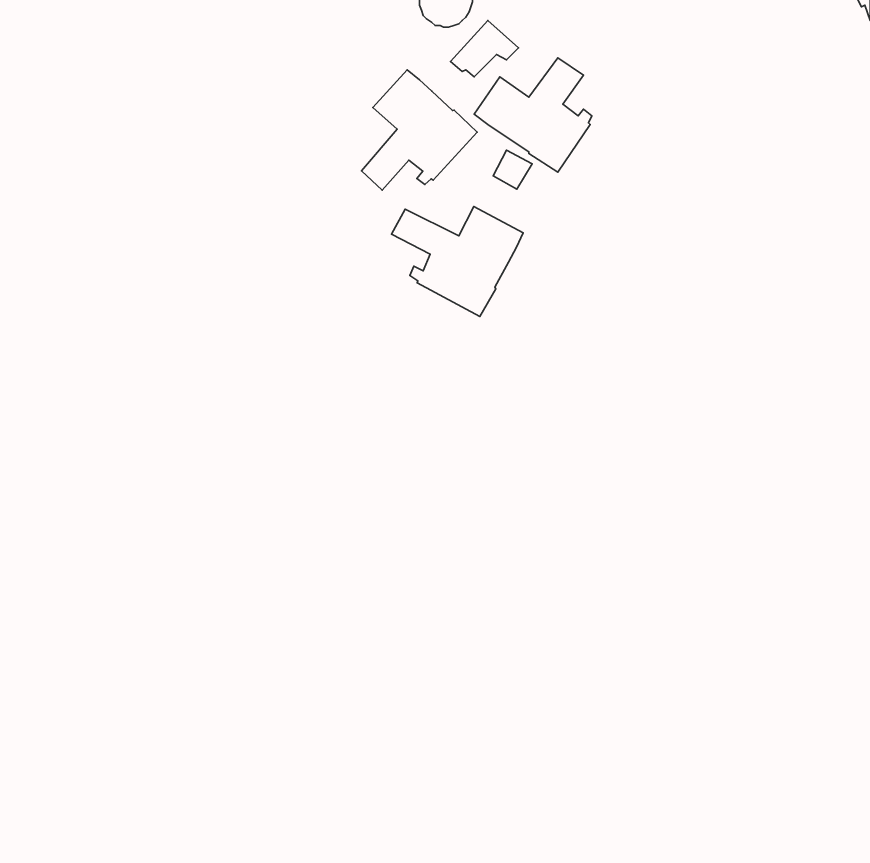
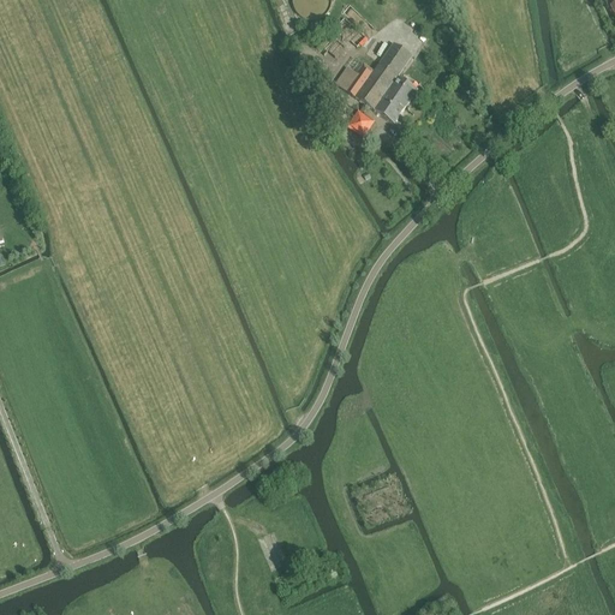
building: [362,70,477,190] -> none
building: [391,207,523,316] -> none

